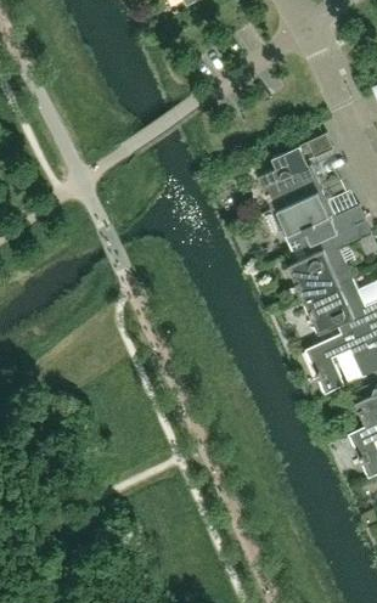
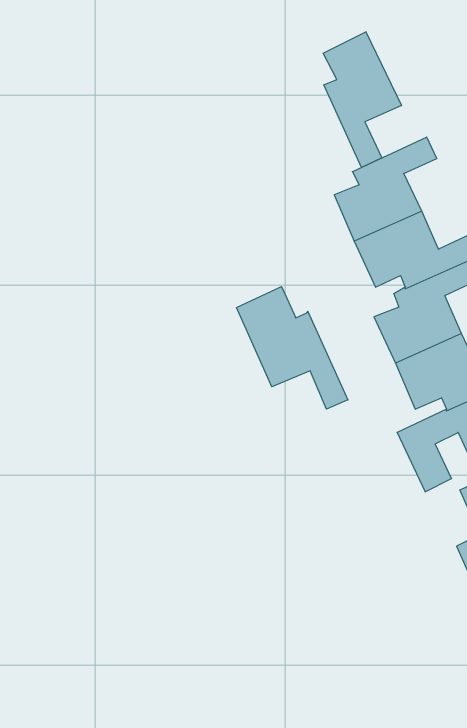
building: none -> [323,32,401,167]
building: none -> [237,287,348,409]

